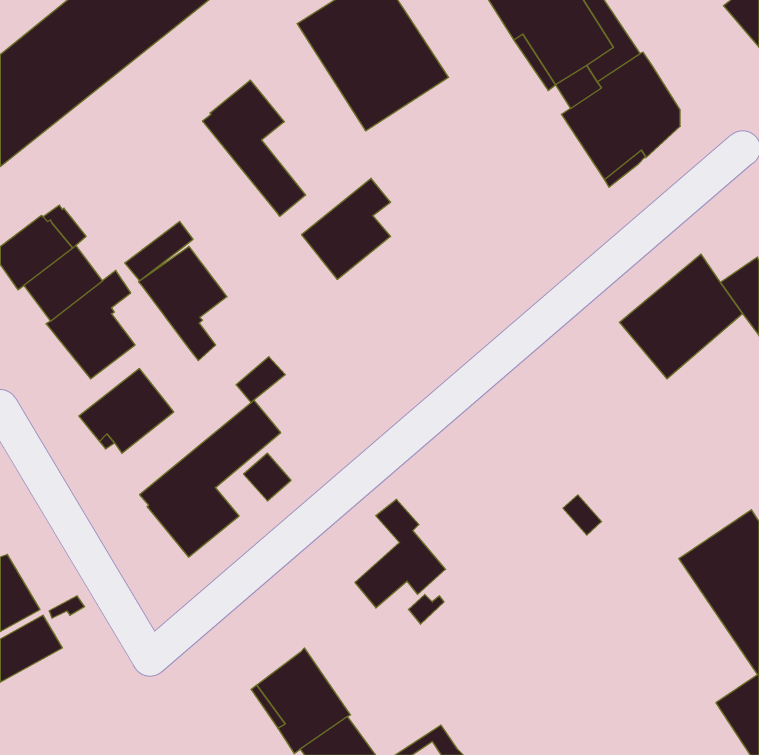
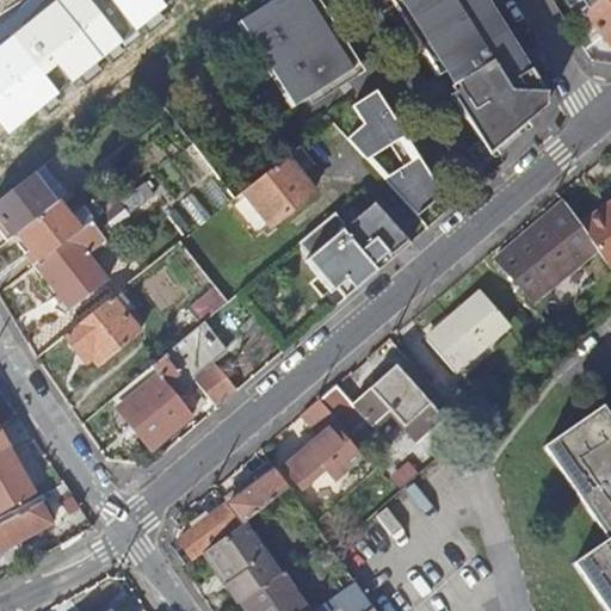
building: [203,80,306,216] -> none
building: none -> [347,87,406,158]
building: none -> [383,153,443,212]
building: none -> [301,185,412,294]
building: [139,246,227,361] -> none
building: none -> [427,294,508,371]
building: none -> [319,366,443,443]
building: none -> [179,465,286,558]

